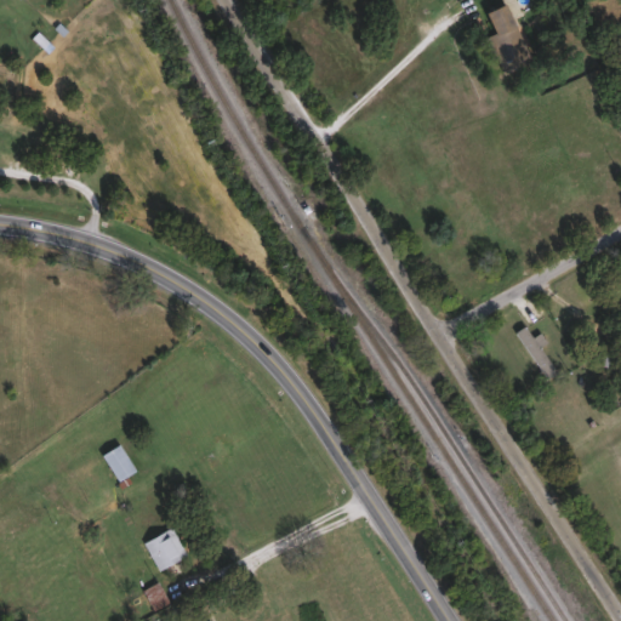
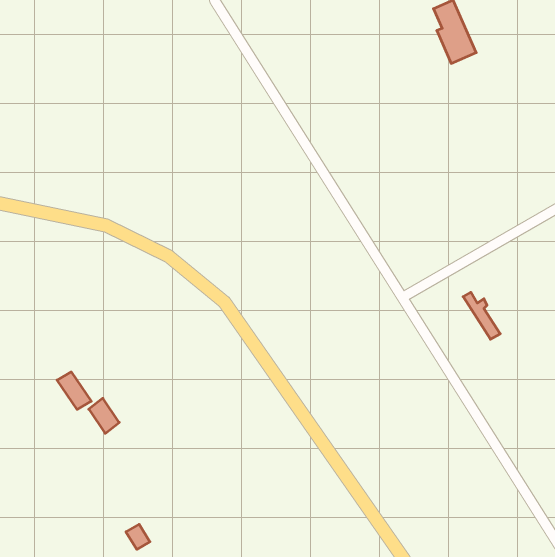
building: none -> [57,372,91,409]
building: [146,528,189,571] -> none

